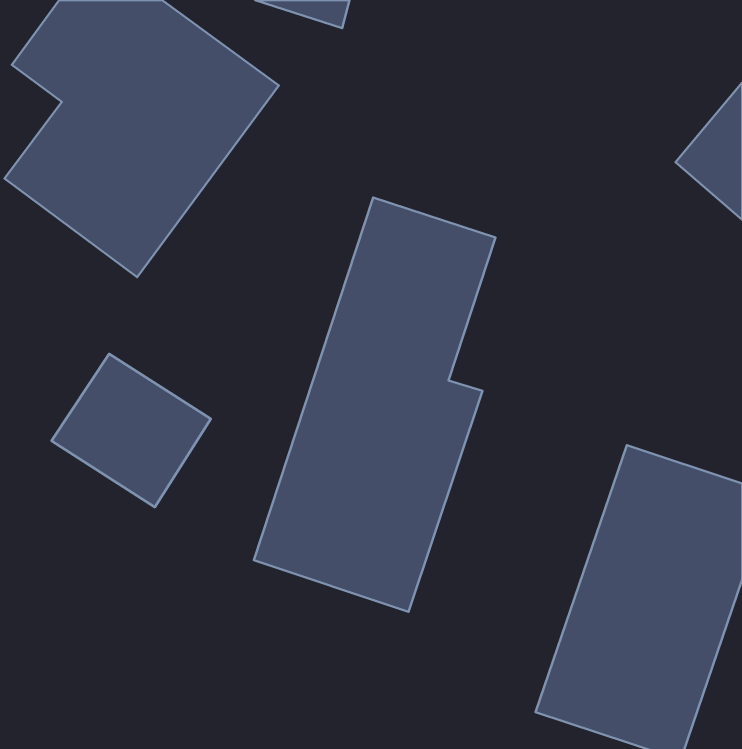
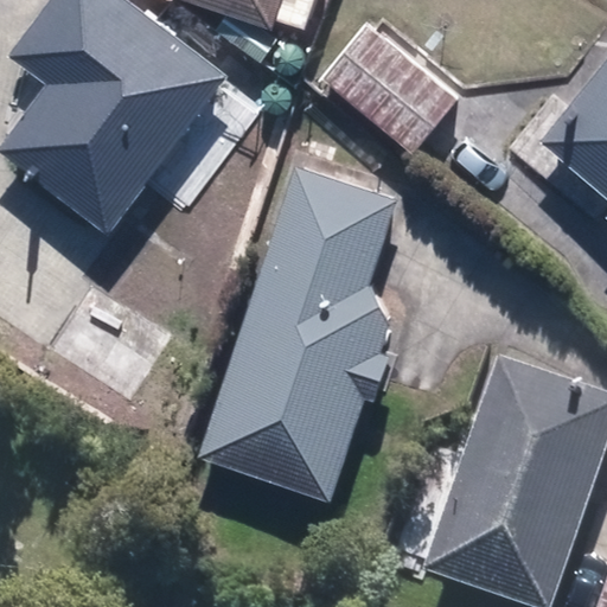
building: none -> [320,21,454,151]

